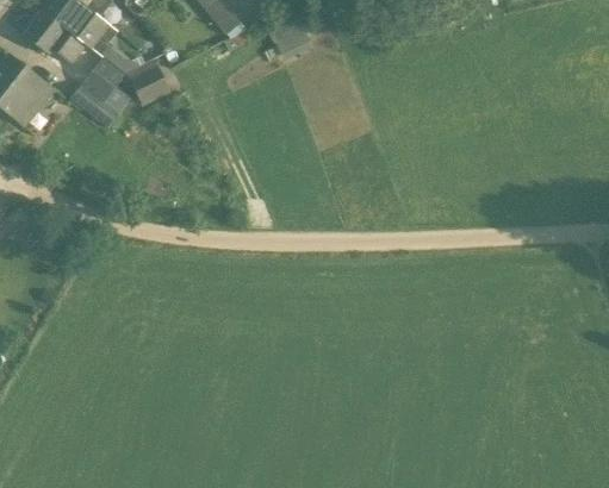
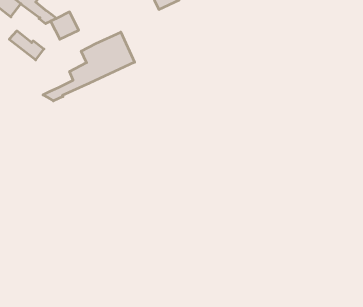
building: [81,58,124,101] -> none
building: none -> [43,32,135,101]

